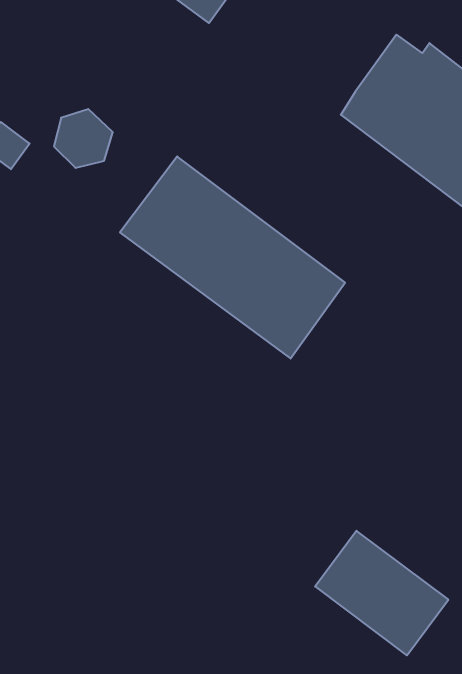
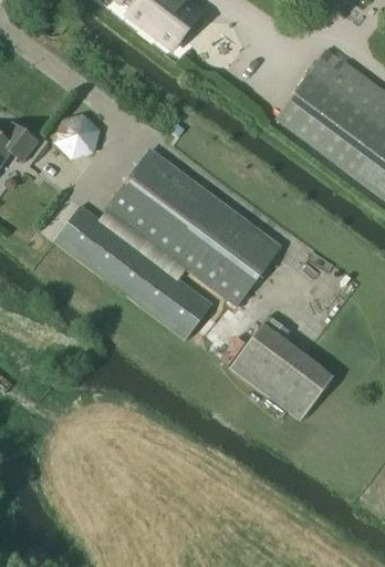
building: none -> [53,205,211,339]
building: [315,531,448,655] -> [229,323,332,420]

